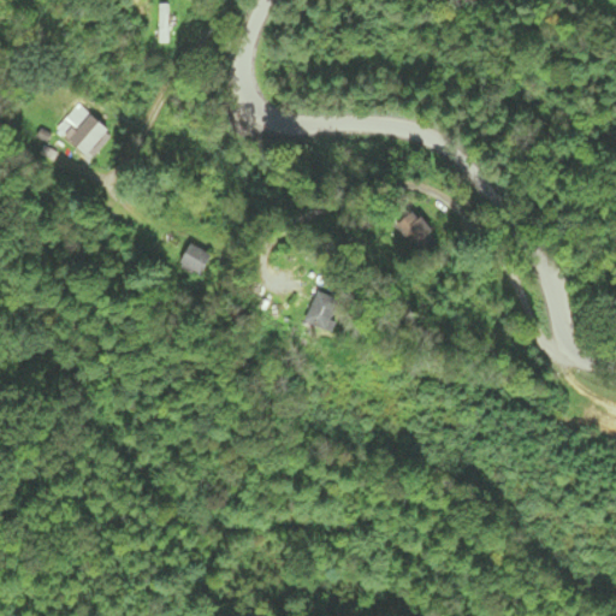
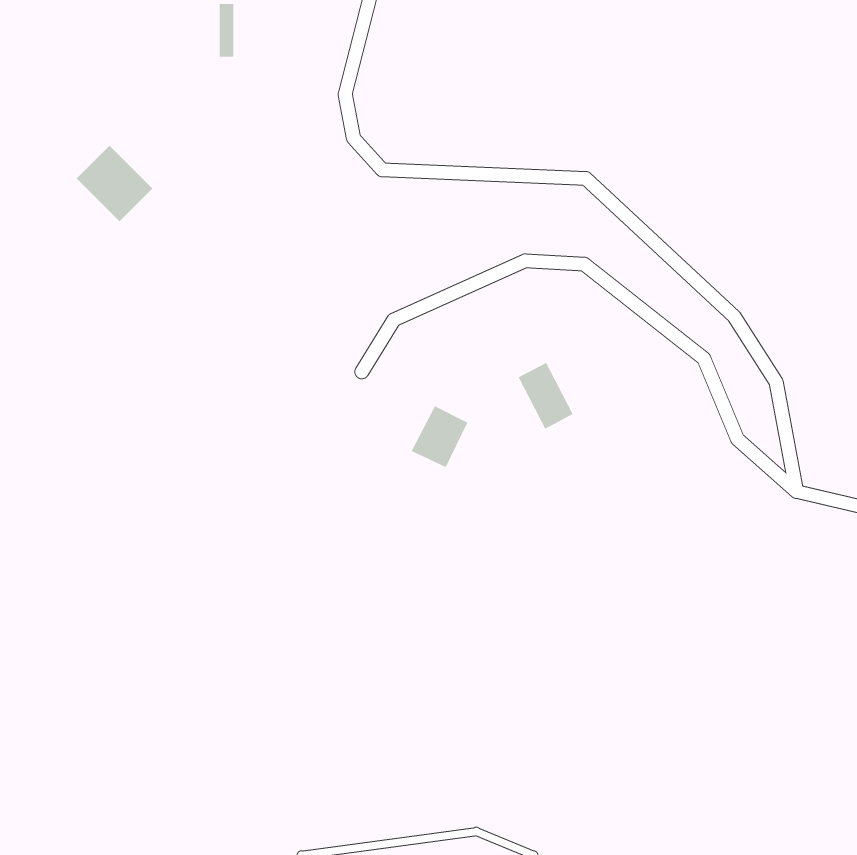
building: [395,206,434,254] -> [518,362,573,429]
building: [178,239,214,277] -> none

